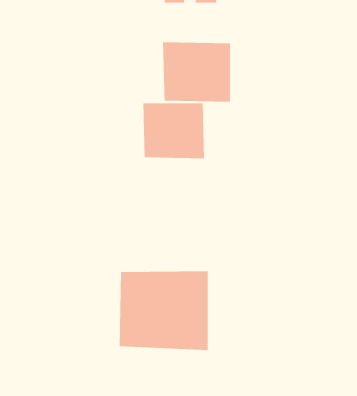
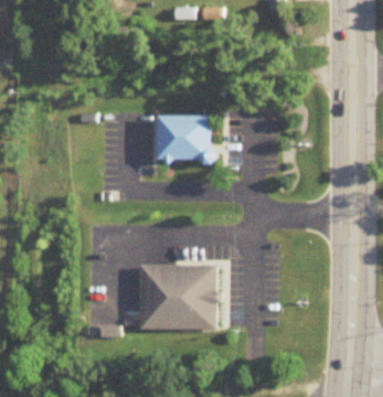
building: [163,42,230,102] -> none

